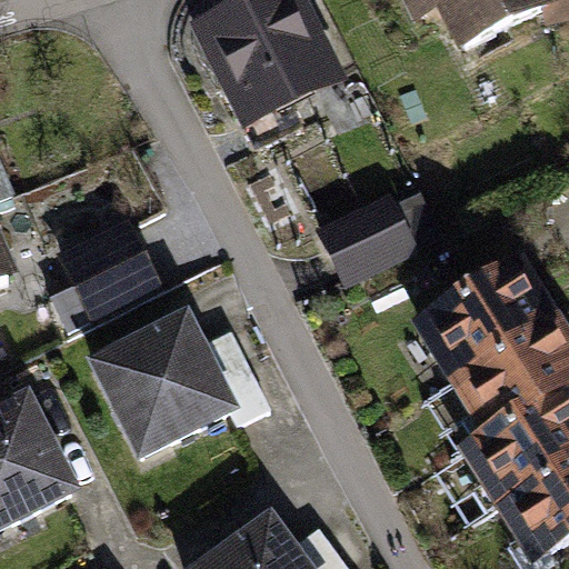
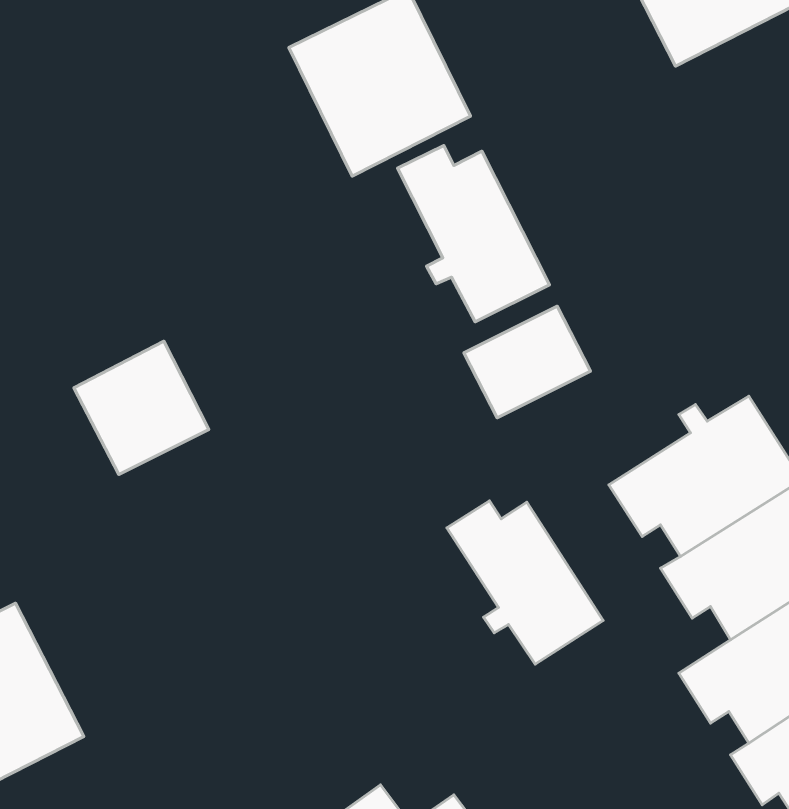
building: none -> [398,145,549,322]
building: [94,321,269,456] -> none
building: none -> [447,501,603,664]

